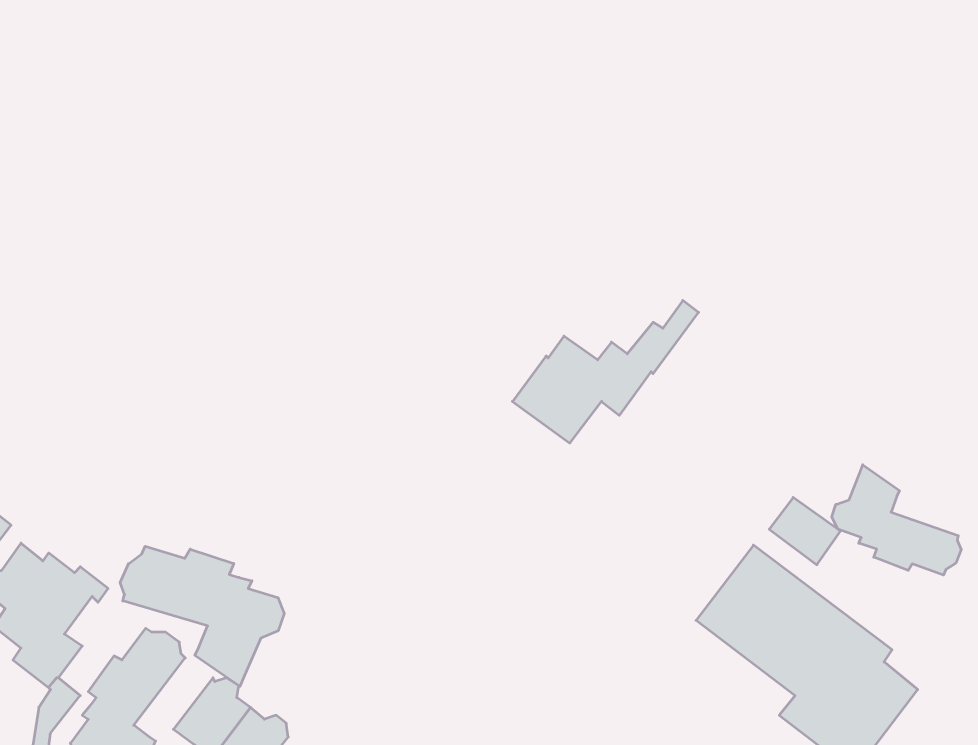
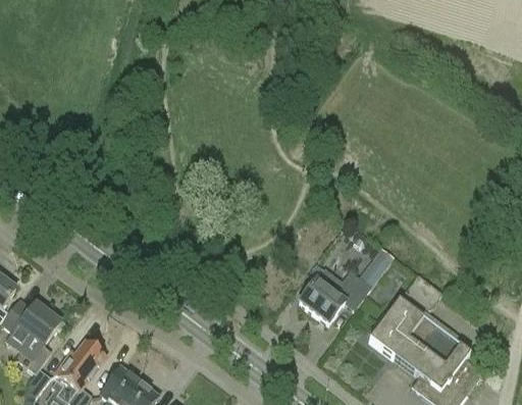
building: [512,300,699,443] -> [299,249,395,322]
building: [832,465,961,575] -> none
building: [120,546,284,686] -> none

